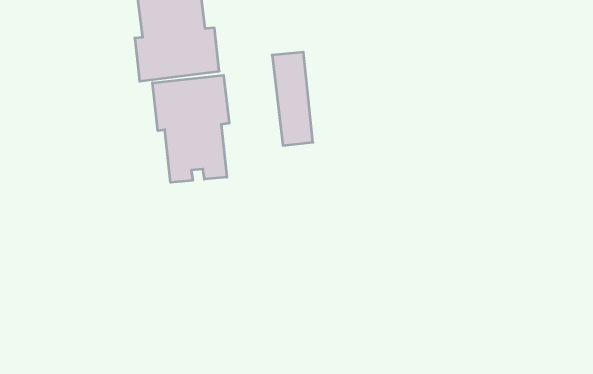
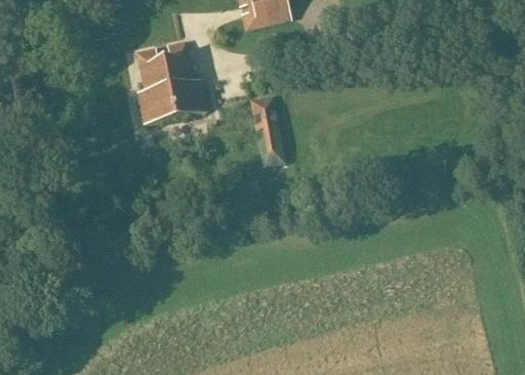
building: [152,75,229,182] -> none

